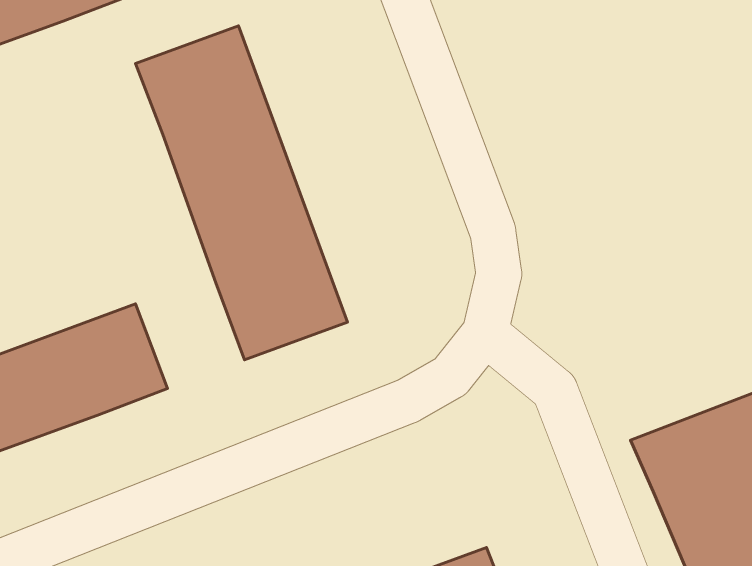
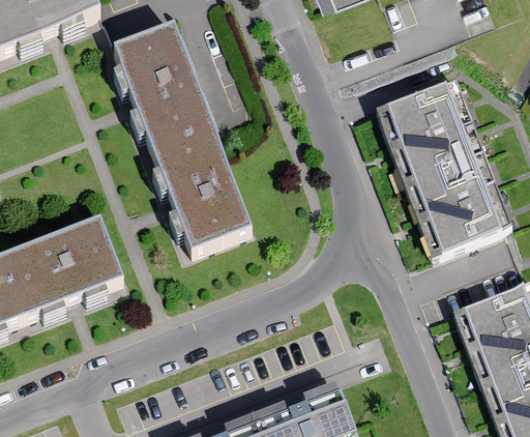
building: none -> [369,75,517,252]

